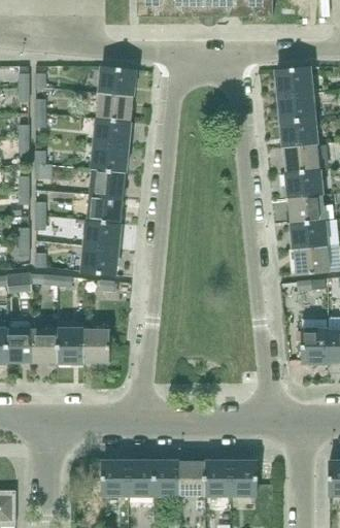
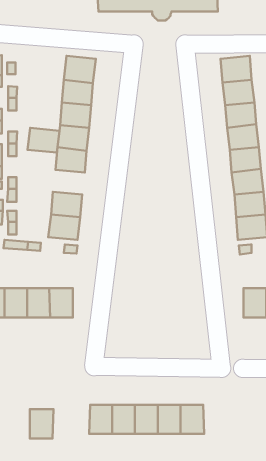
building: [87,195,123,223] -> [28,128,59,153]
building: [102,461,129,494] -> [30,409,54,438]

